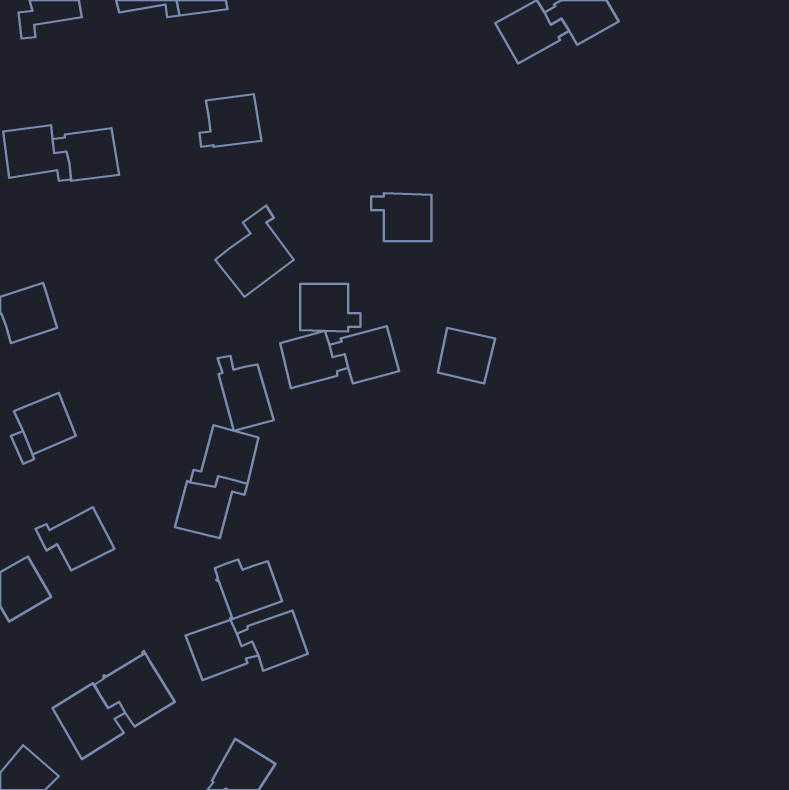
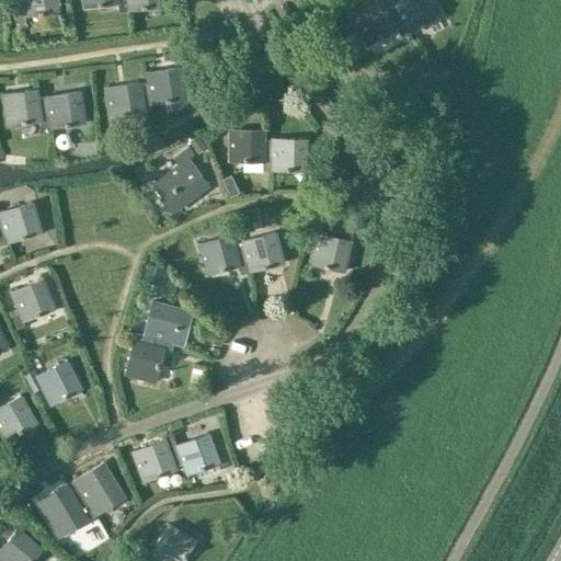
building: none -> [106,82,150,119]
building: [300,284,361,332] -> [230,128,273,162]
building: [217,356,274,431] -> none
building: [215,560,282,620] -> none

